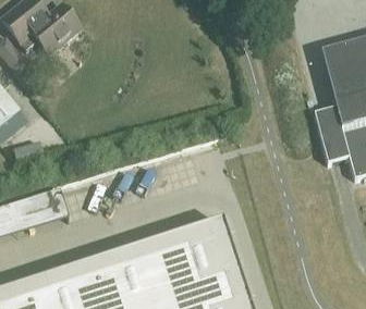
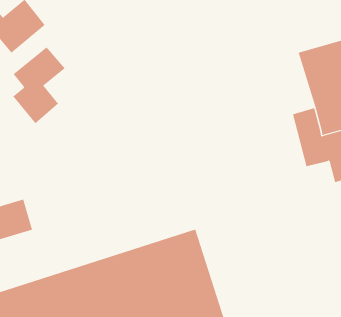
building: none -> [12,46,66,124]

